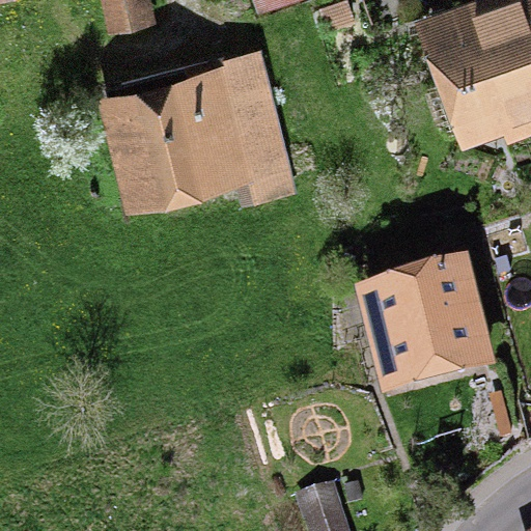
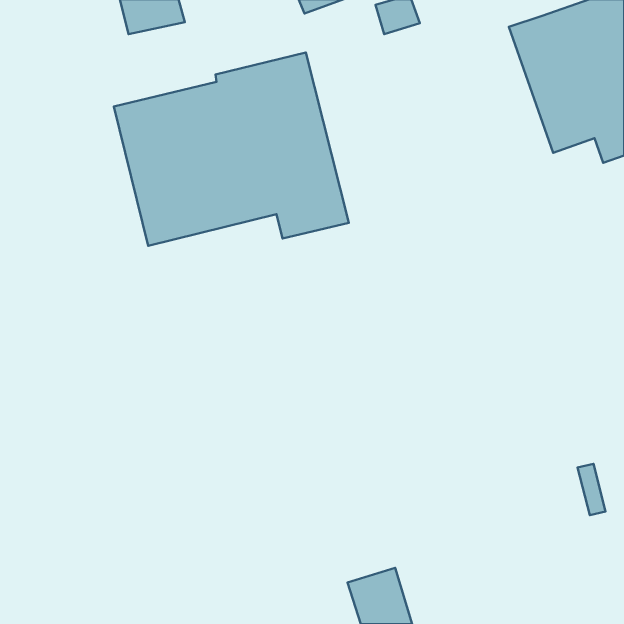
building: [336,261,497,400] -> none

